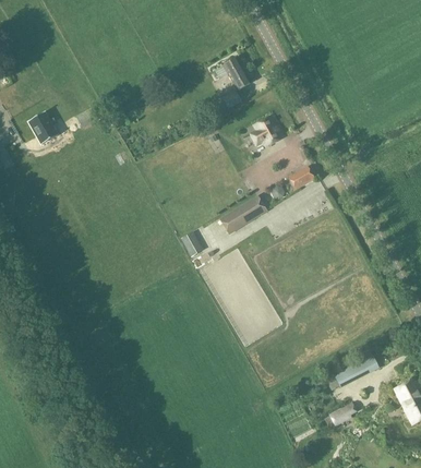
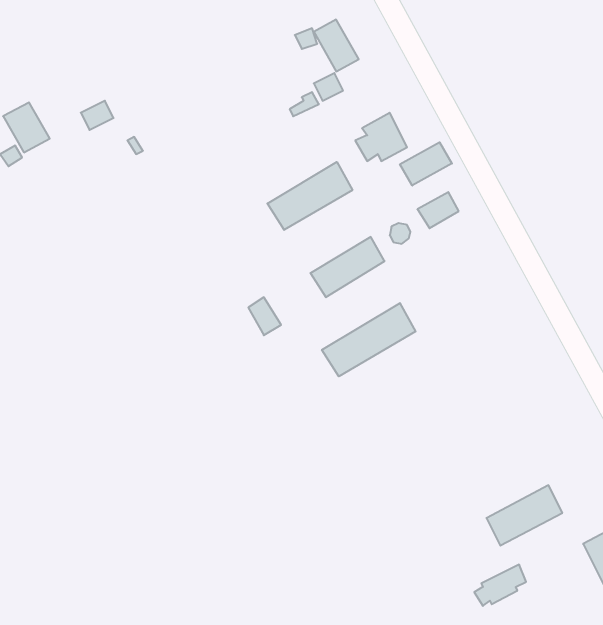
building: none -> [400,142,452,186]
building: none -> [267,162,352,230]
building: none -> [322,303,416,376]

